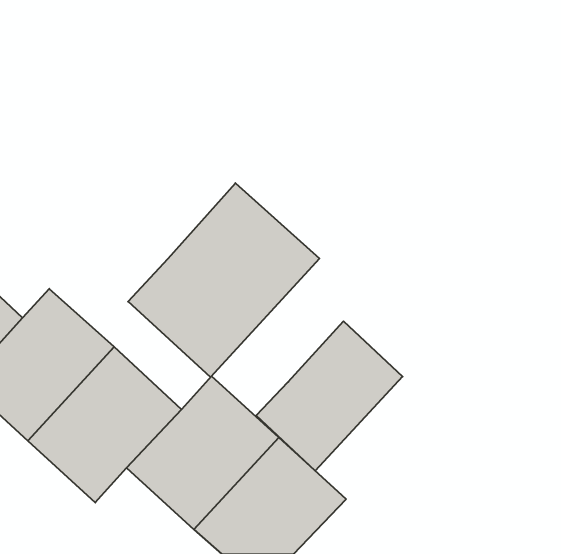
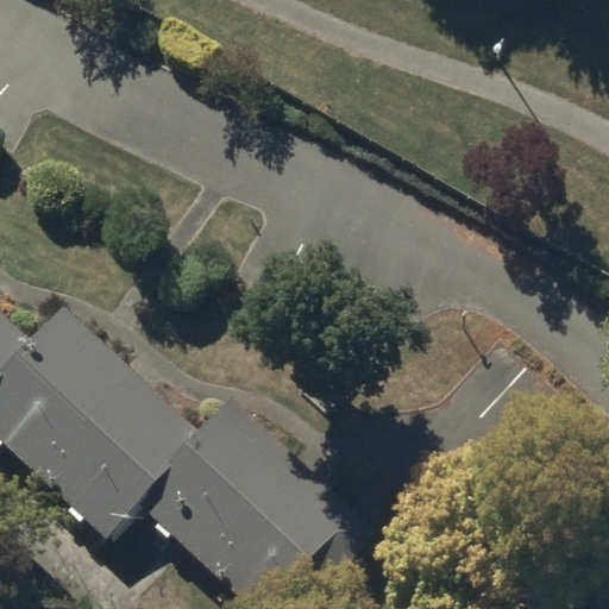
building: [128,183,319,377] -> none
building: [256,321,403,471] -> none

